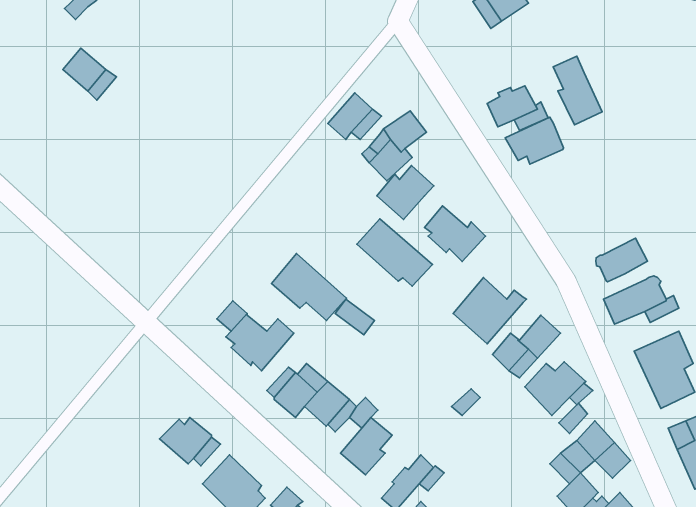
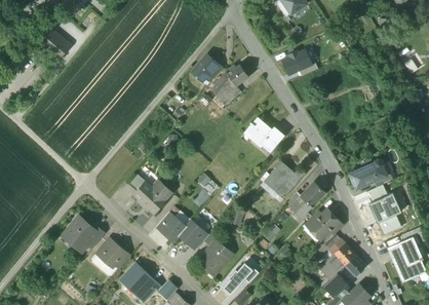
building: [553,56,602,125] -> none
building: [505,117,564,164] -> none
building: [377,166,434,220] -> none
building: [357,219,432,286] -> none
building: [596,238,648,282] -> none
building: [271,253,347,321] -> none
building: none -> [65,217,105,249]

